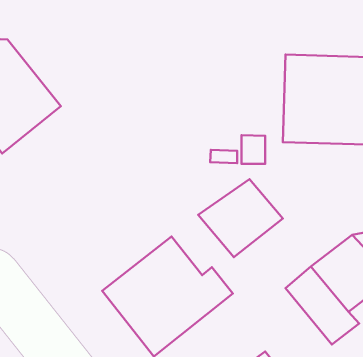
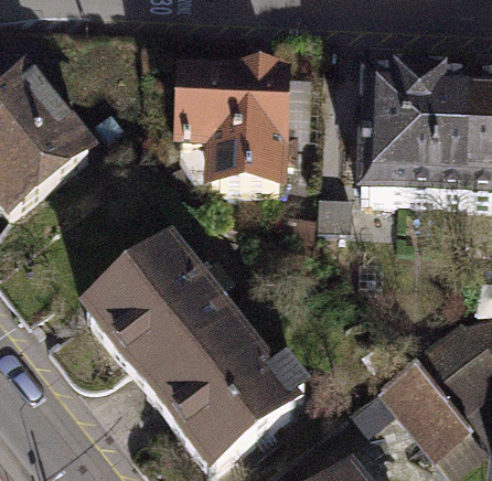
building: none -> [174,61,285,182]
building: none -> [76,229,231,383]
building: [198,179,283,257] -> none

